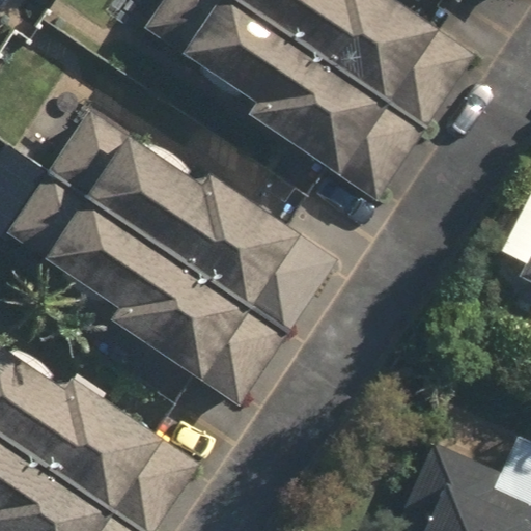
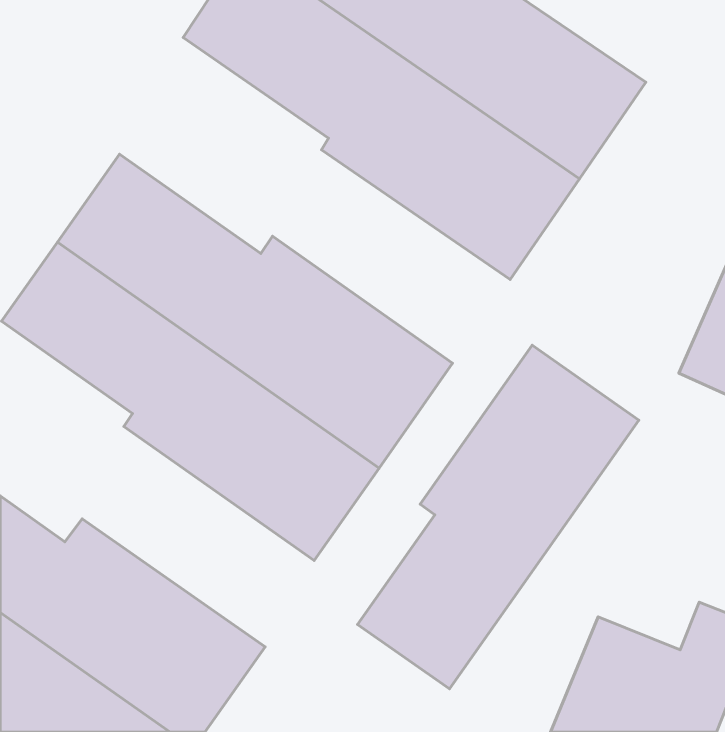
building: none -> [358,345,639,689]

